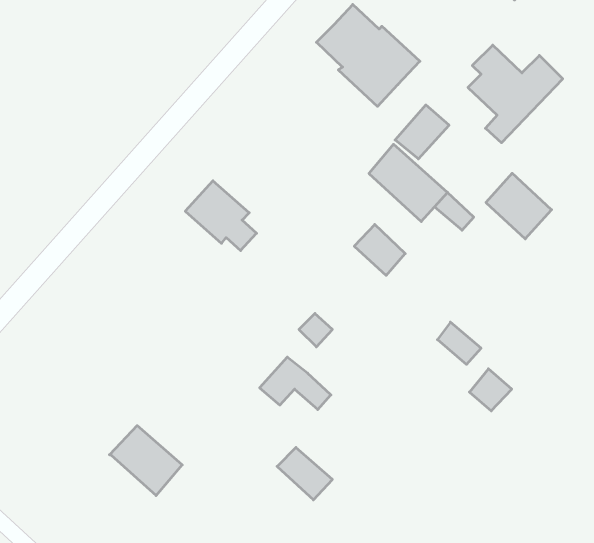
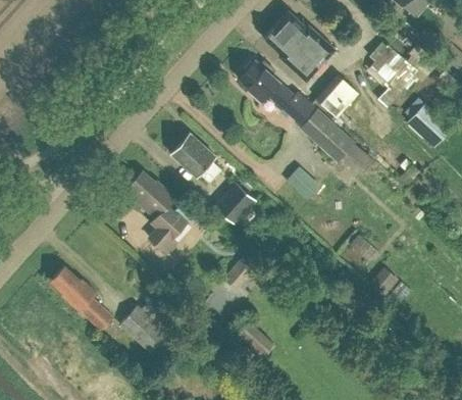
building: none -> [239,61,314,124]
building: [486,173,552,239] -> [406,102,452,148]
building: none -> [129,172,190,254]
building: none -> [213,182,255,224]
building: none -> [51,267,112,331]

